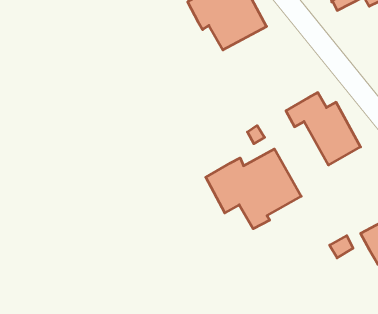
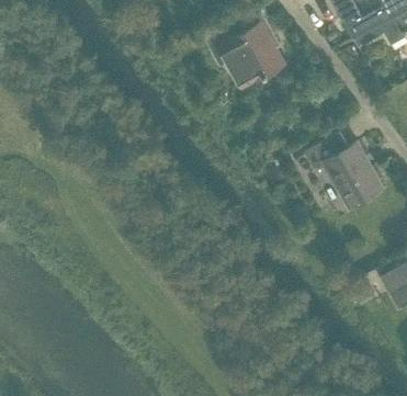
building: [206,149,301,229] -> none

